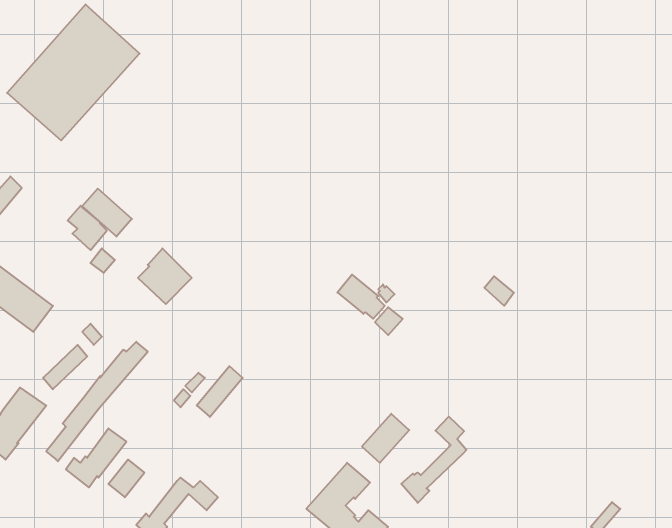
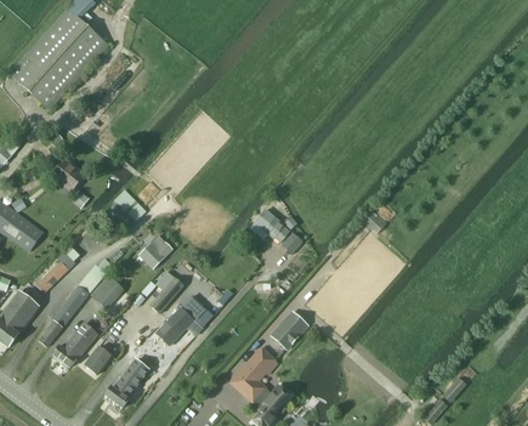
building: [82,189,132,237] -> none
building: none -> [140,234,172,267]
building: none -> [91,273,125,308]
building: none -> [155,294,206,350]
building: [401,417,466,503] -> none

